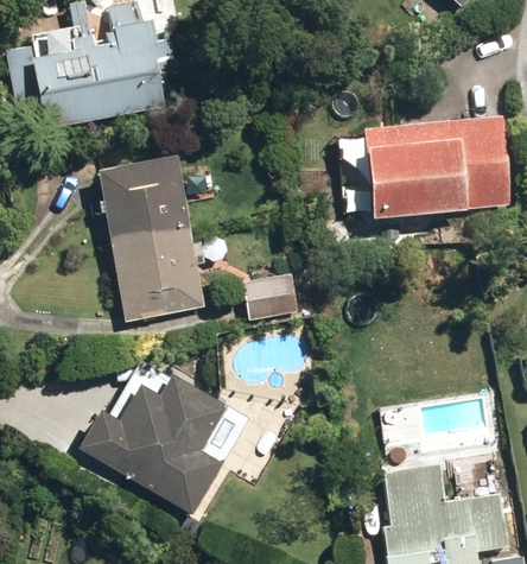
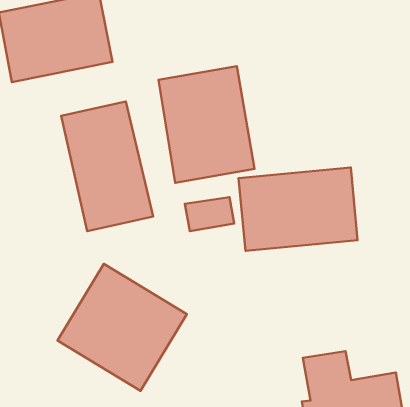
building: none -> [158,66,255,183]
building: [363,115,509,217] -> [239,167,358,251]

